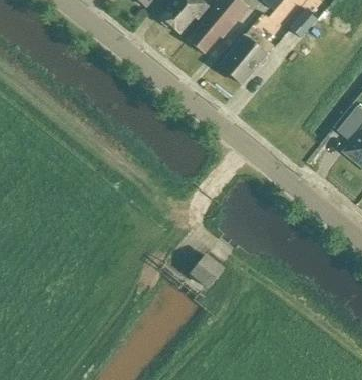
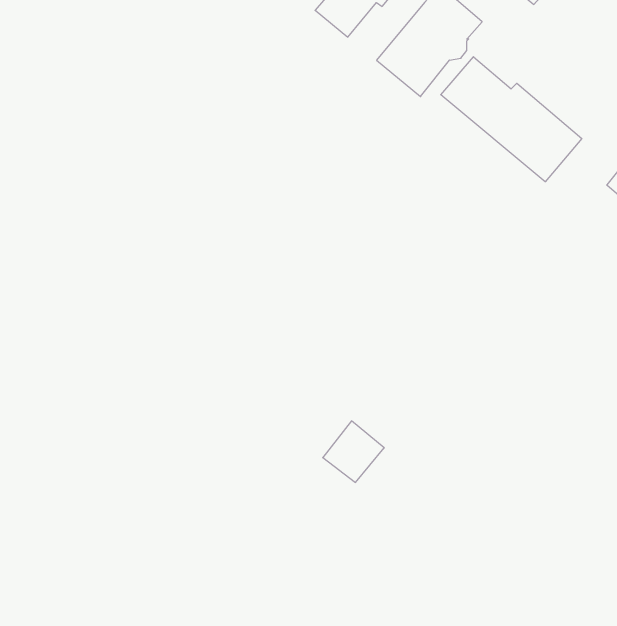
building: none -> [441,57,582,182]

